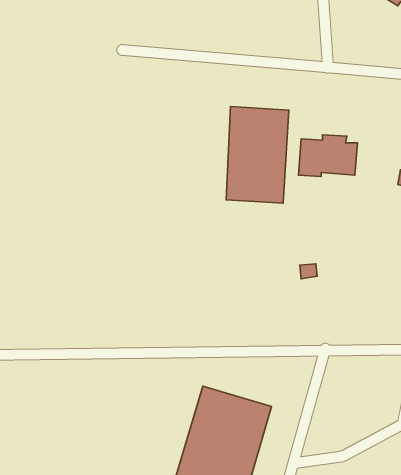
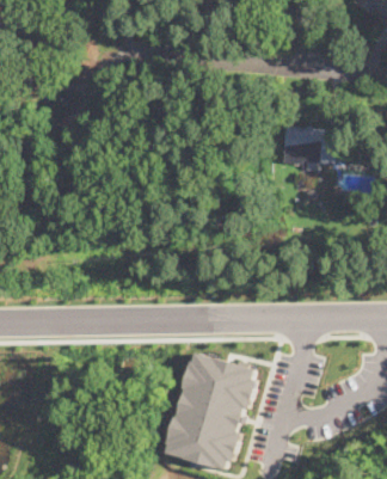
building: [226,107,289,203] -> none

